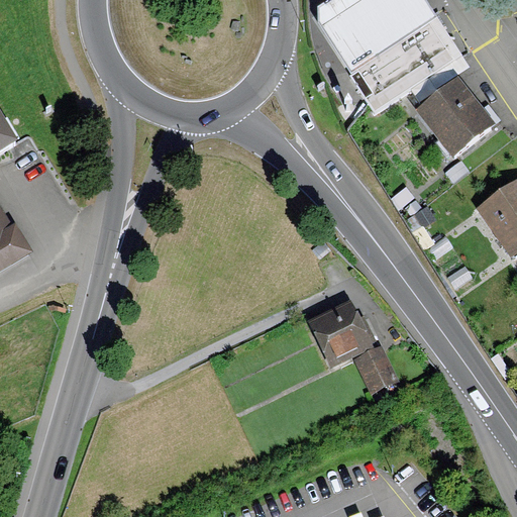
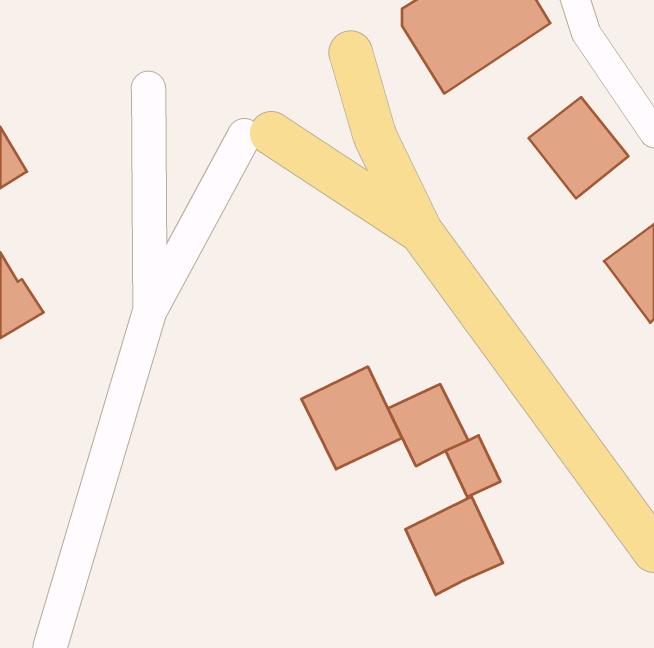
building: [350,18,469,108] -> none
building: none -> [301,367,402,469]
building: none -> [405,496,503,595]

